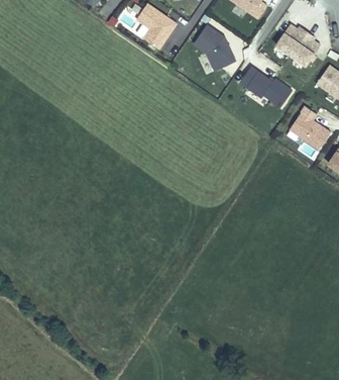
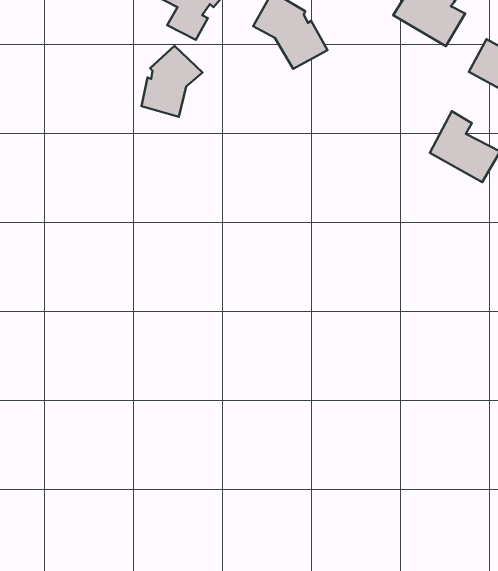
building: none -> [141,46,203,117]
building: [239,67,292,107] -> none

